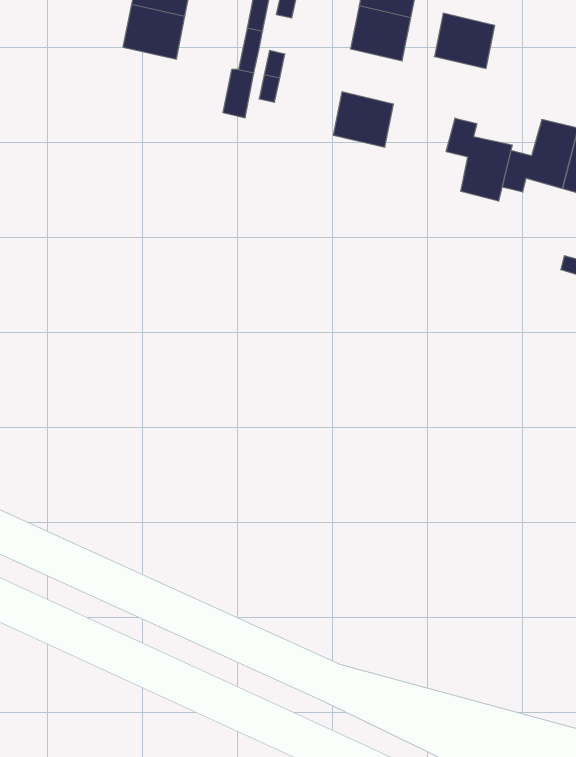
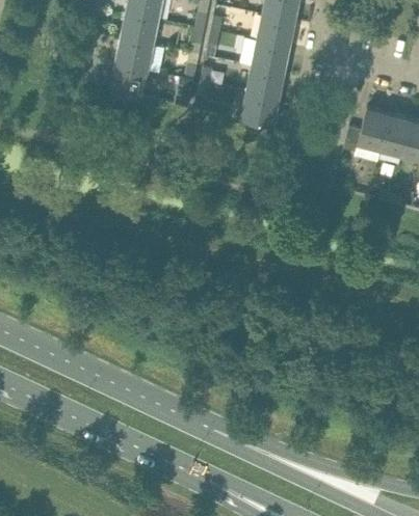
building: [434,13,495,68] -> [247,67,284,101]
building: none -> [110,66,148,100]
building: [446,118,512,201] -> none

